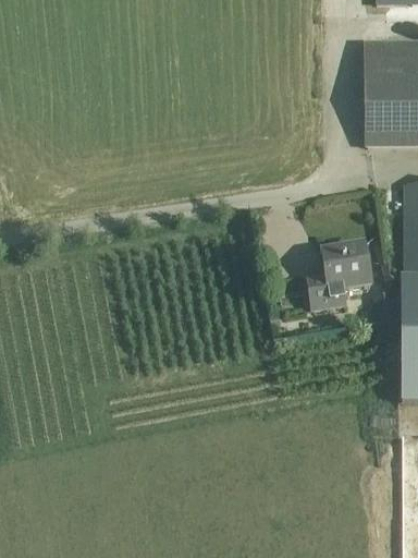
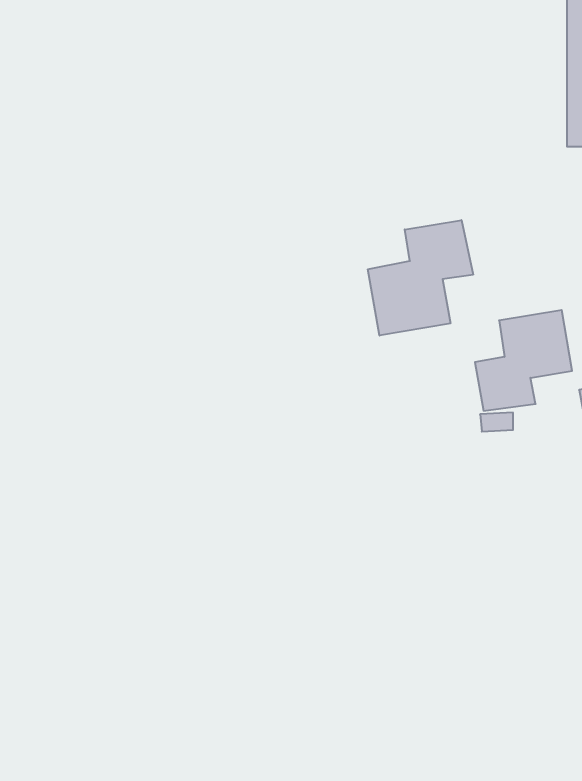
building: none -> [368,220,473,336]

